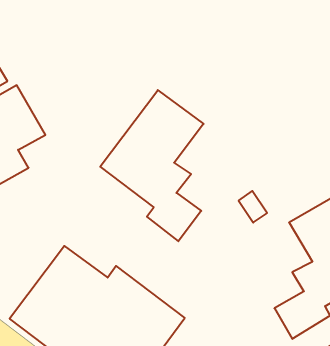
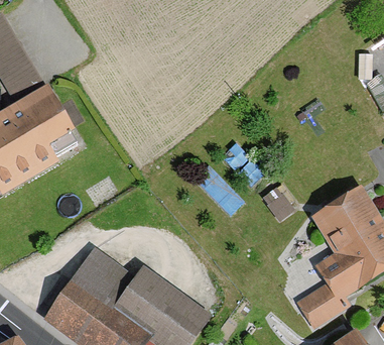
building: [100,90,204,241] -> none

